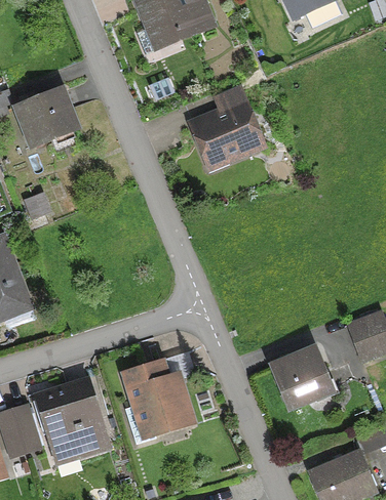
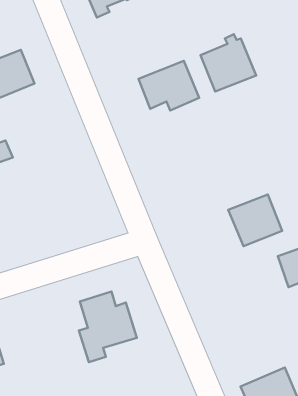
building: none -> [201,34,256,92]
building: [270,347,332,406] -> [228,195,282,246]
building: [40,383,104,454] -> none

